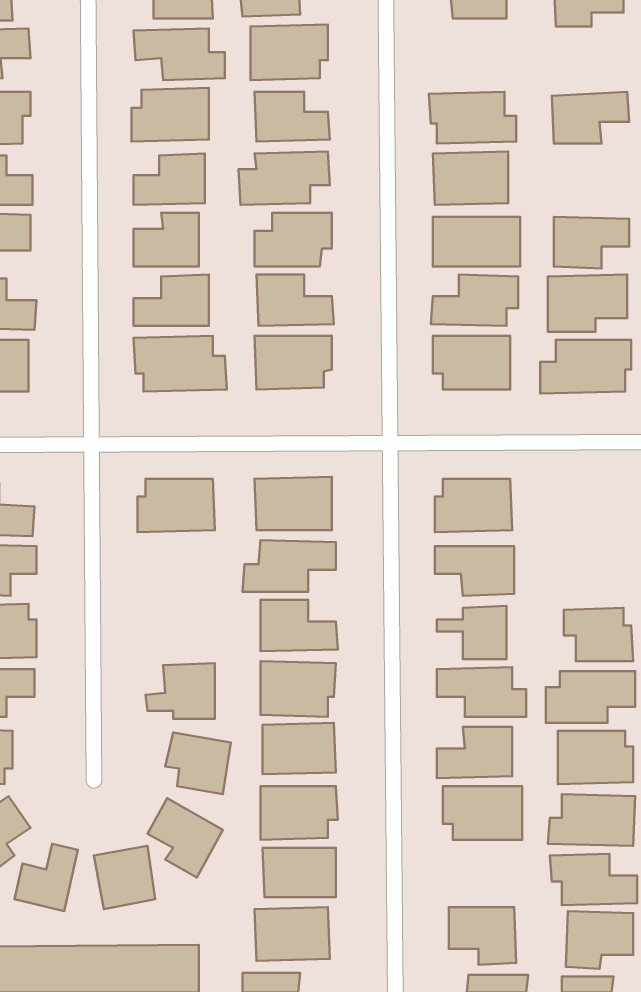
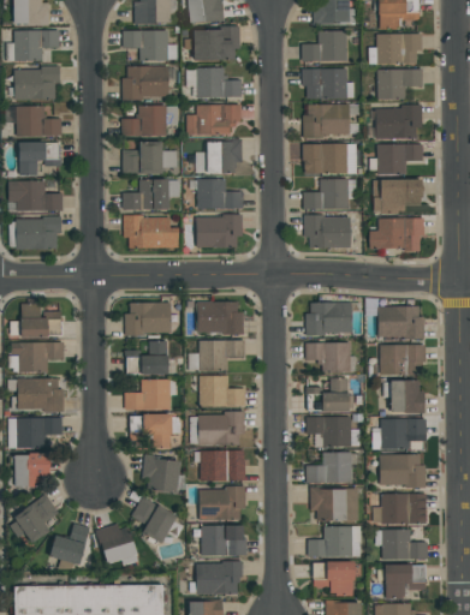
building: none -> [302,31,347,62]
building: none -> [369,34,422,65]
building: none -> [375,107,422,139]
building: none -> [379,306,424,339]
building: none -> [126,341,168,375]
building: none -> [380,345,424,376]
building: none -> [125,380,171,411]
building: none -> [308,526,362,557]

